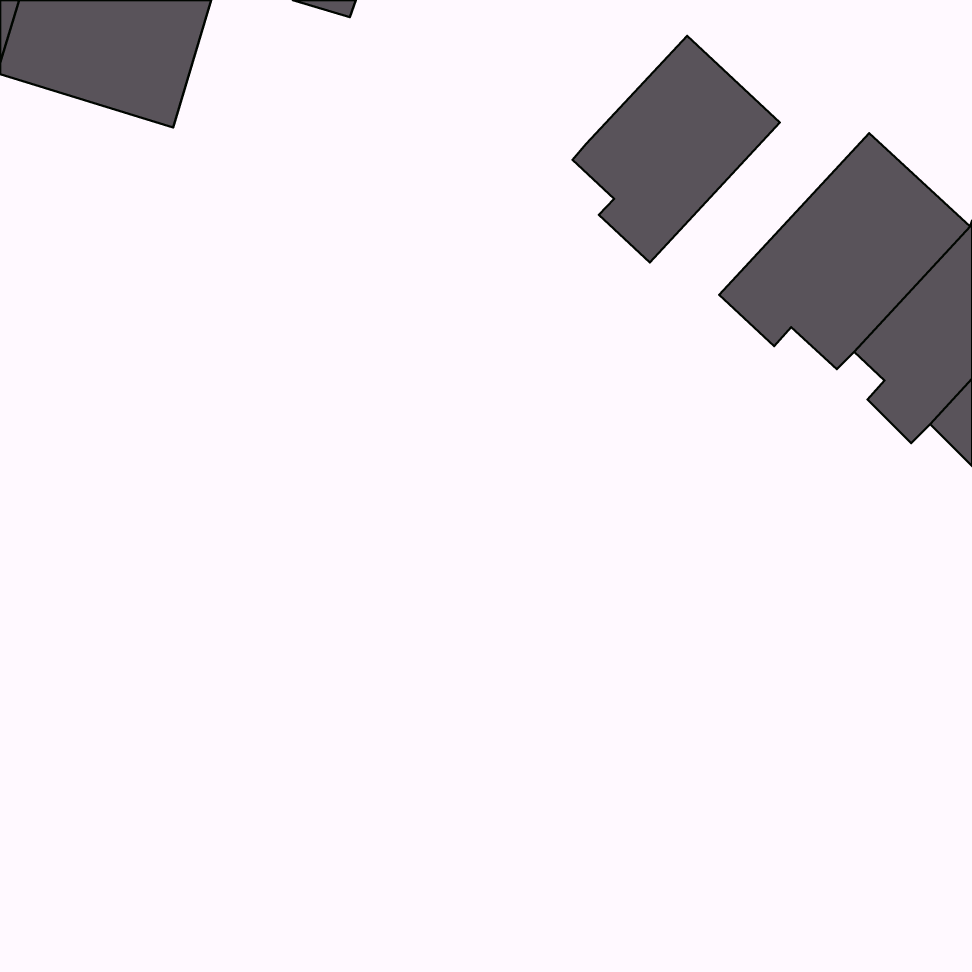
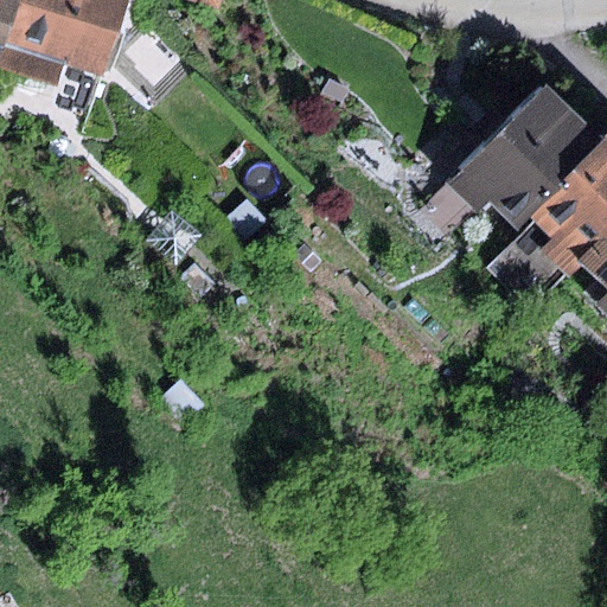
building: [572,36,780,262] -> none

